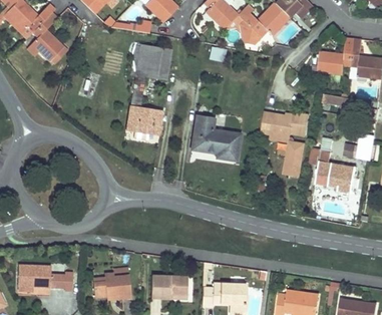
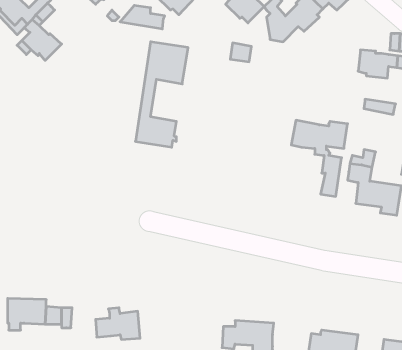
building: [192,116,241,161] -> none
building: [150,275,187,299] -> none

